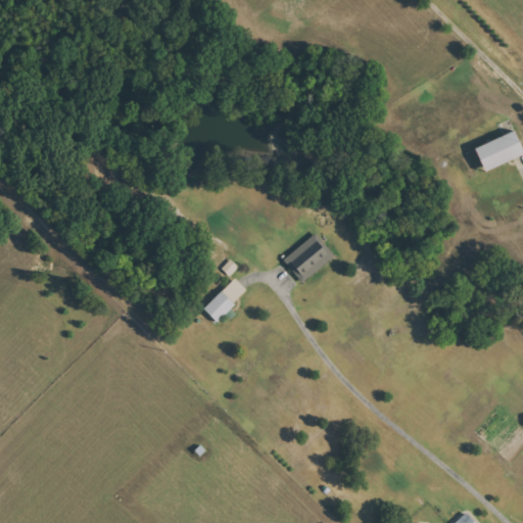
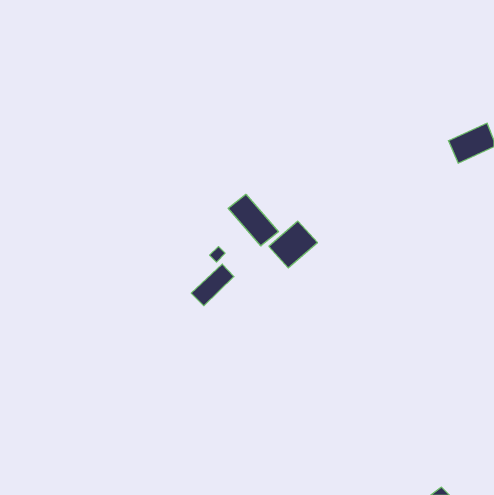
building: none -> [228,194,278,246]

